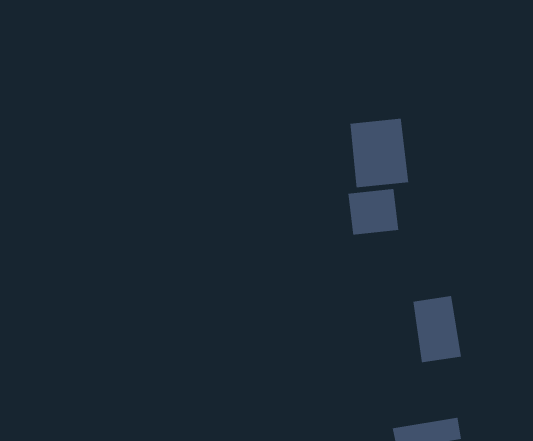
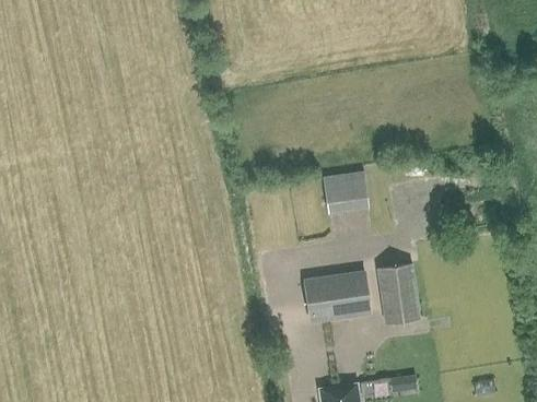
building: [350,118,409,188] -> none
building: none -> [304,271,373,323]

